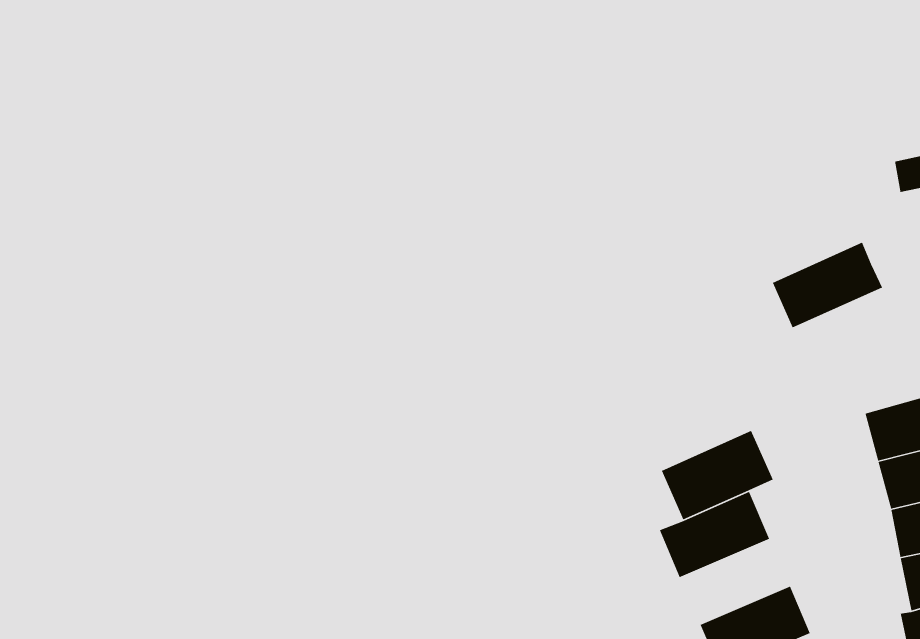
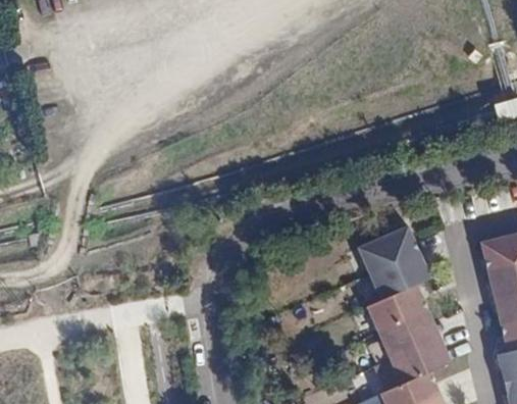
building: [772,242,883,329] -> [358,226,419,274]
building: none -> [379,312,441,359]

